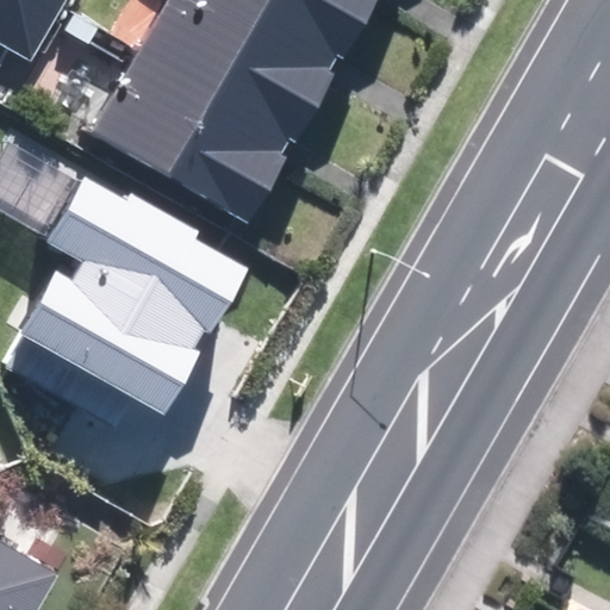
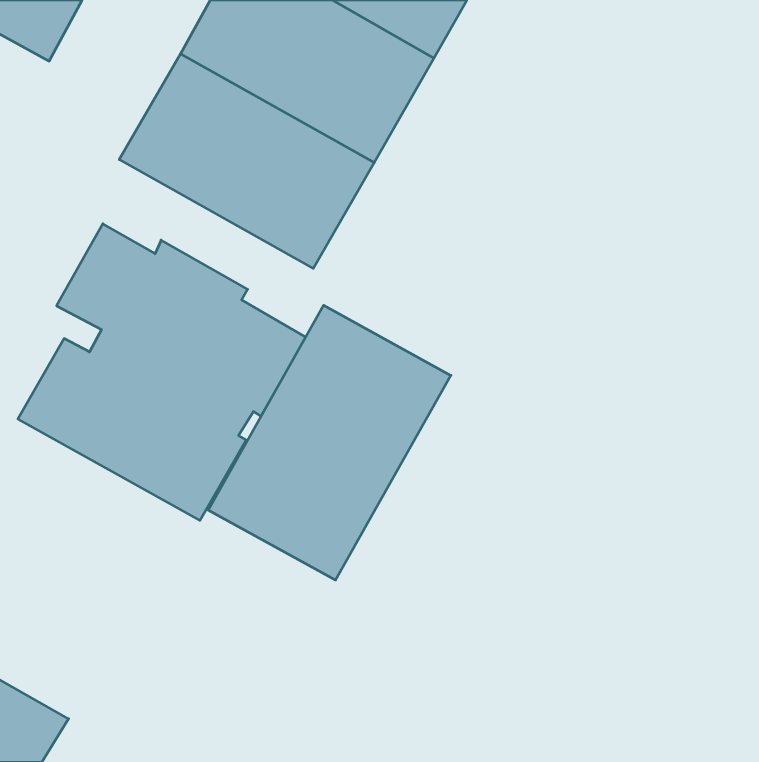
building: none -> [208,305,451,580]

